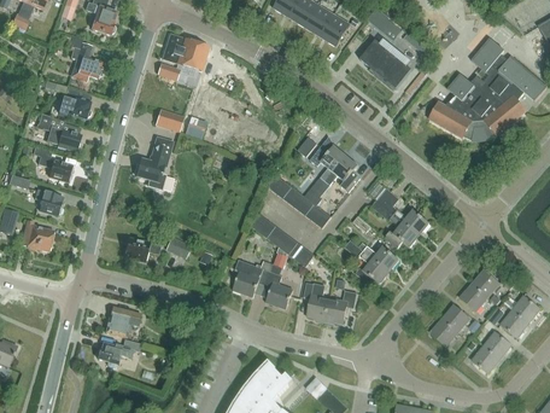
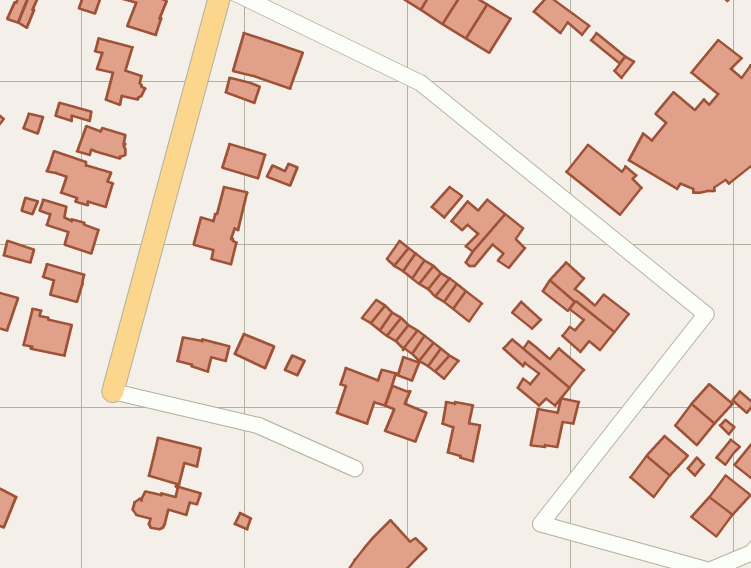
building: [361,40,411,87] -> [566,145,642,215]
building: [324,290,357,322] -> [531,399,579,447]

